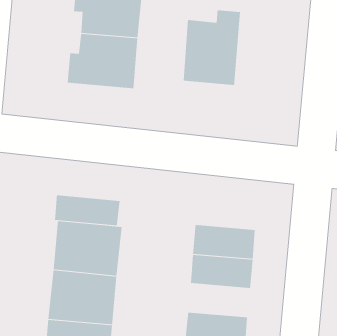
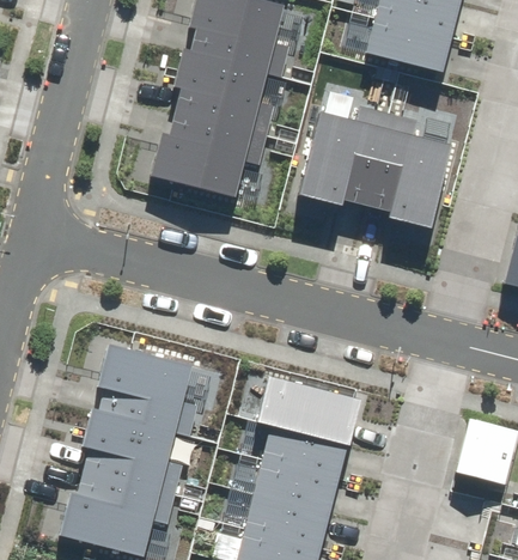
building: none -> [362,118,446,226]
building: [54,194,120,226] -> none
building: none -> [256,451,341,506]

